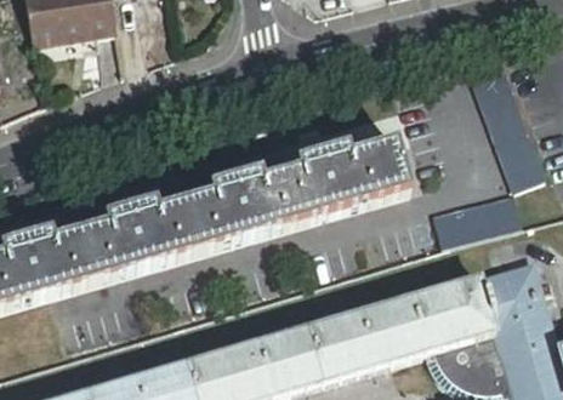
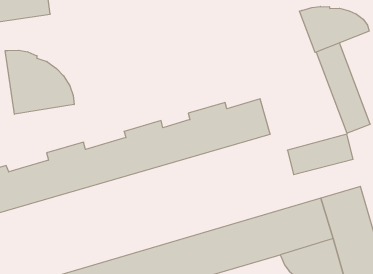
building: none -> [299,6,369,52]
building: none -> [5,50,74,114]

